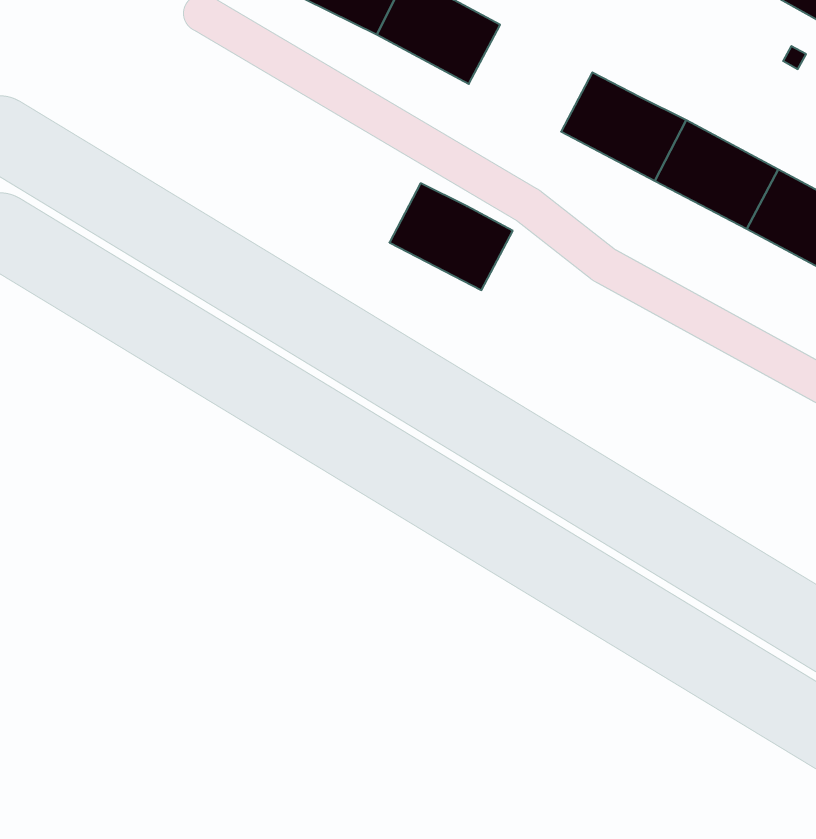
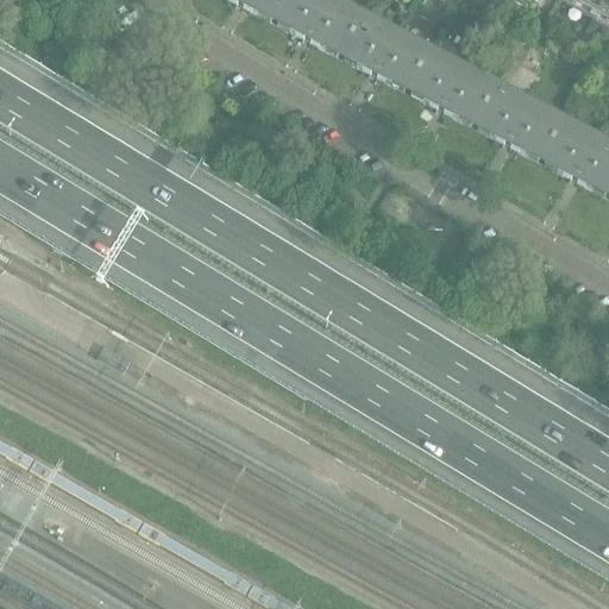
building: [389,183,513,290] -> [357,18,446,95]

